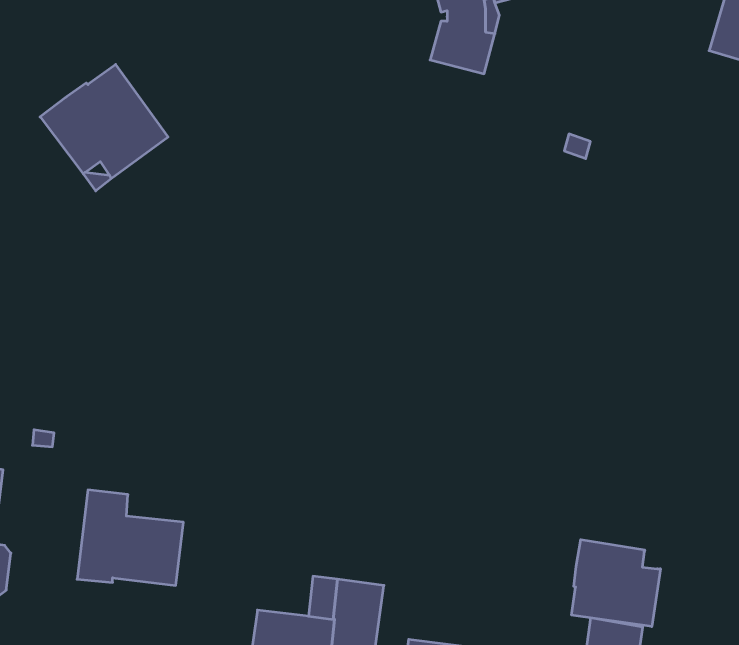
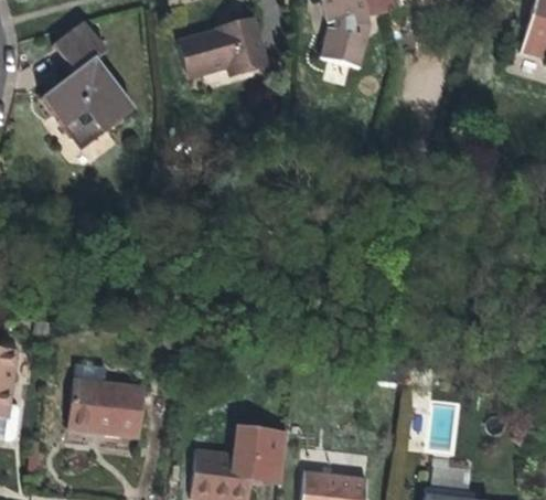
building: none -> [179,19,265,76]
building: none -> [53,22,105,74]
building: [572,540,660,627] -> none

